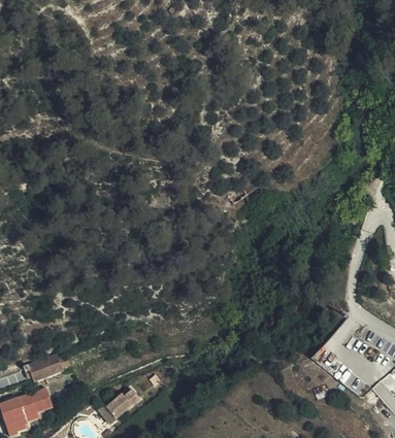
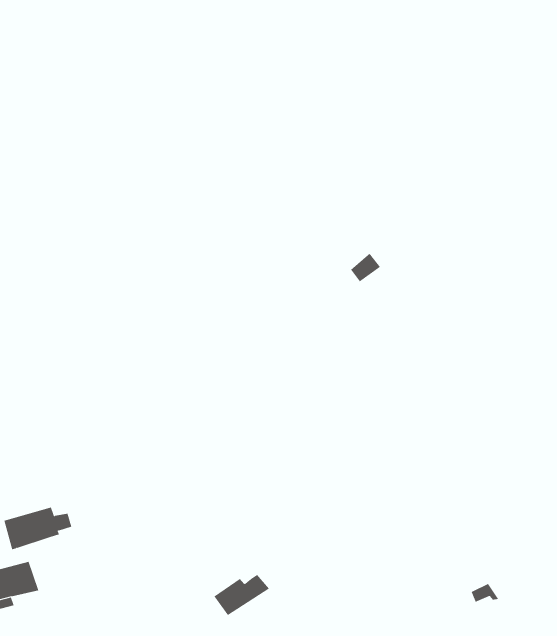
building: [106,392,140,418] -> [214,574,270,616]

